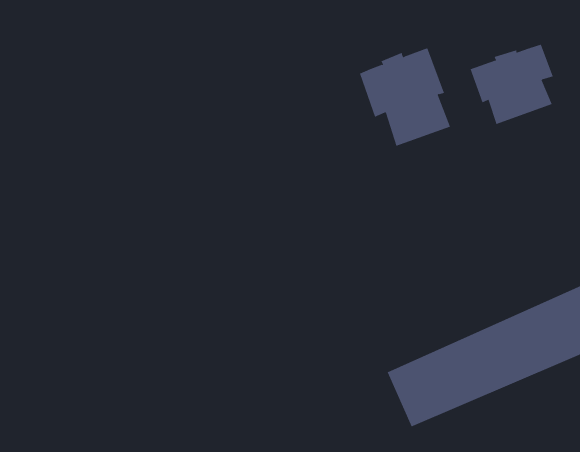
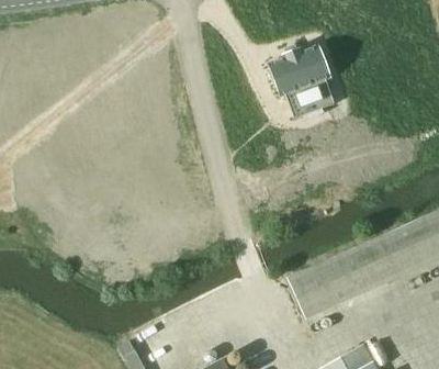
building: [470,44,554,125] -> none

